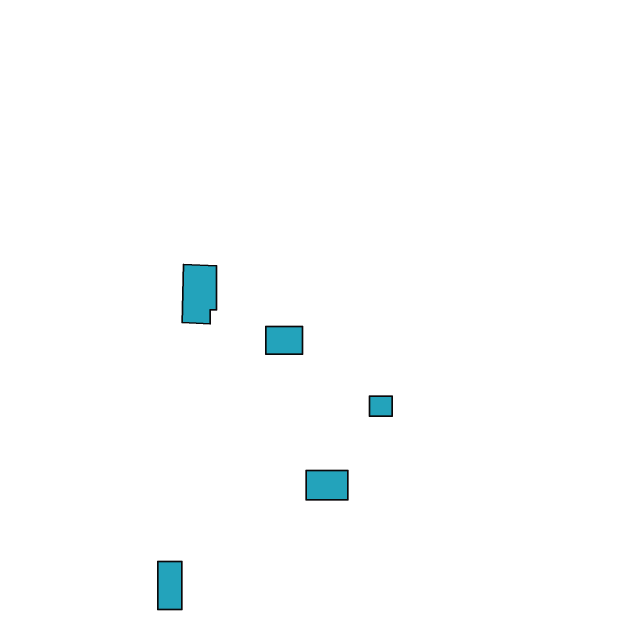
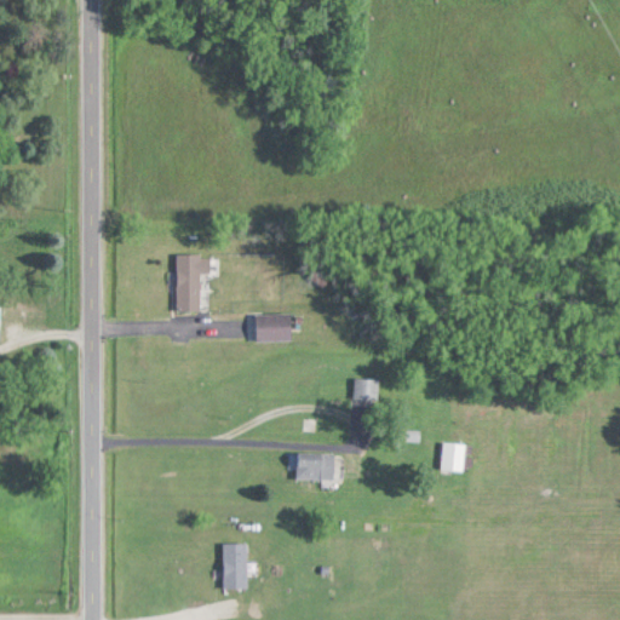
building: none -> [440,443,464,472]
building: [158,562,182,610] -> [223,544,246,590]

